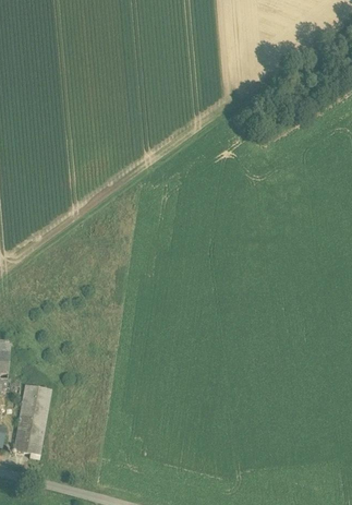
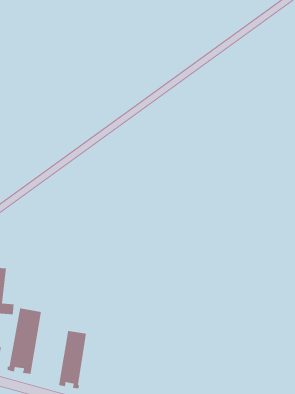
building: none -> [58,330,87,389]

